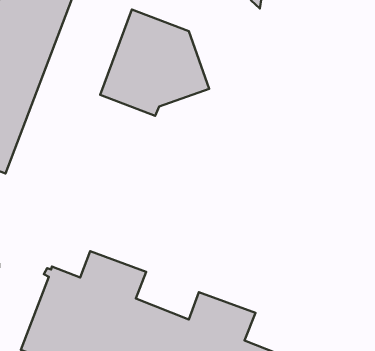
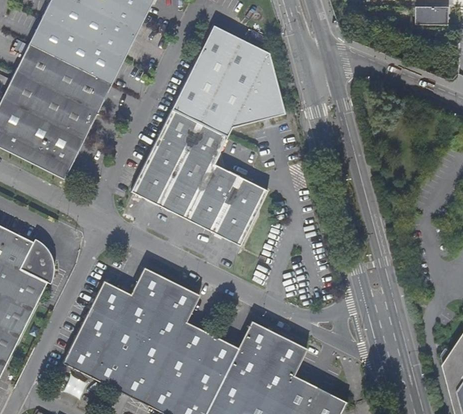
building: none -> [130,108,266,245]

